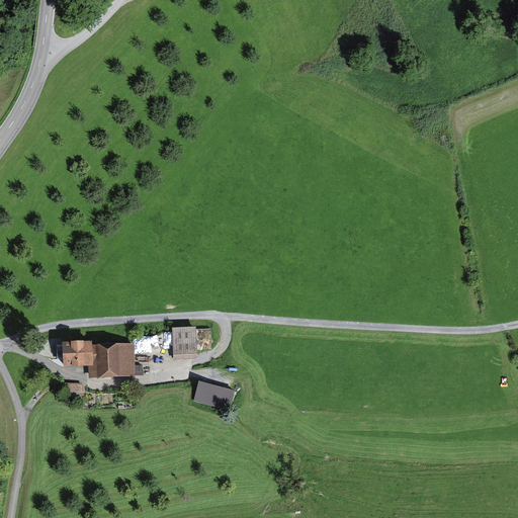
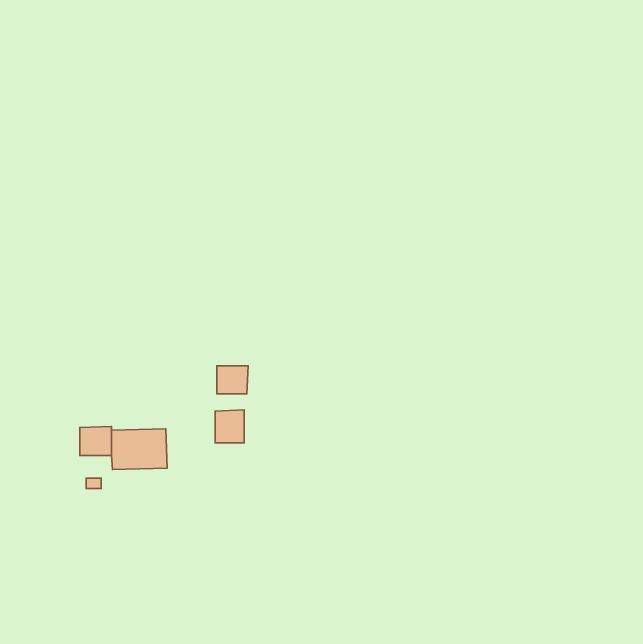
building: none -> [217,366,248,394]
building: [194,381,235,410] -> none

